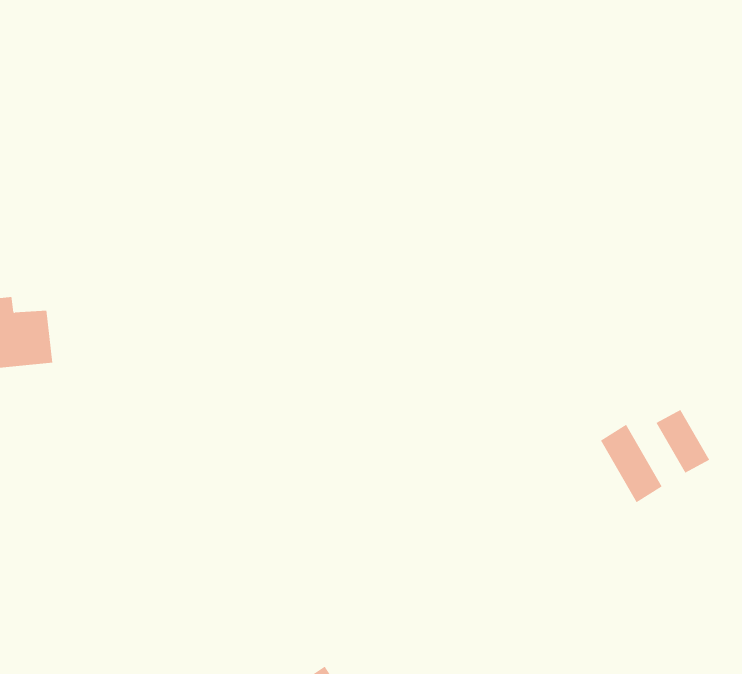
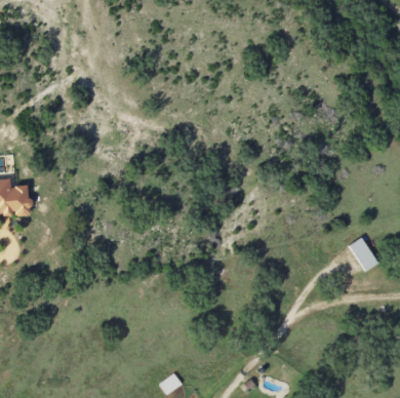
building: [600,424,662,503] -> none

